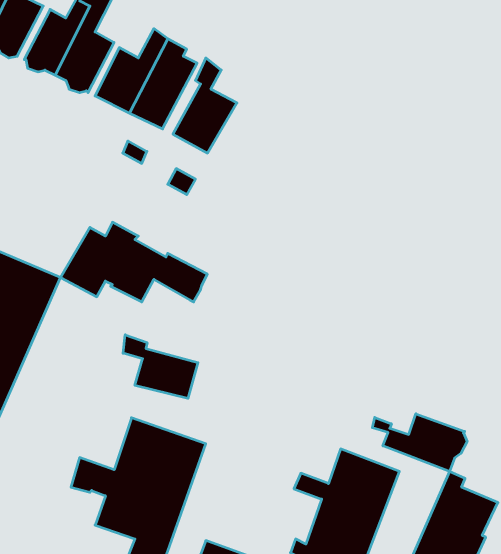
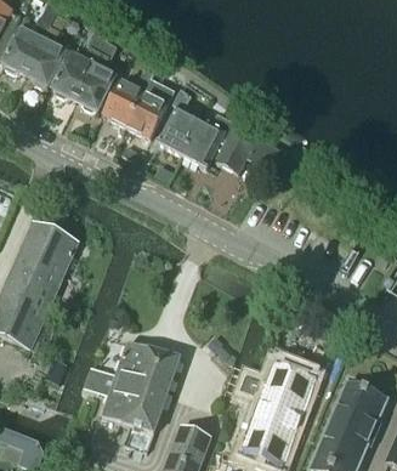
building: [61,222,207,302] -> [181,114,284,170]
building: [123,335,198,398] -> none
building: [372,414,467,471] -> none

